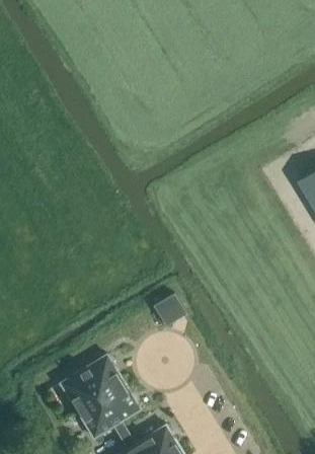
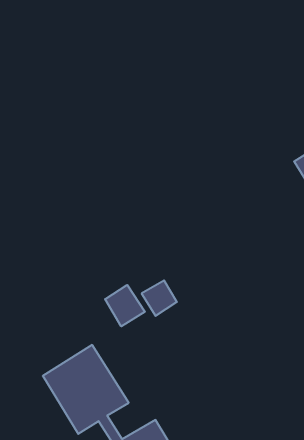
building: none -> [105,285,145,326]

